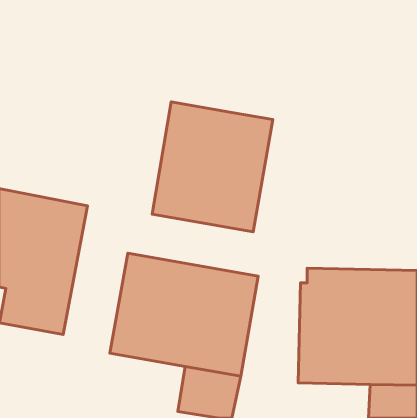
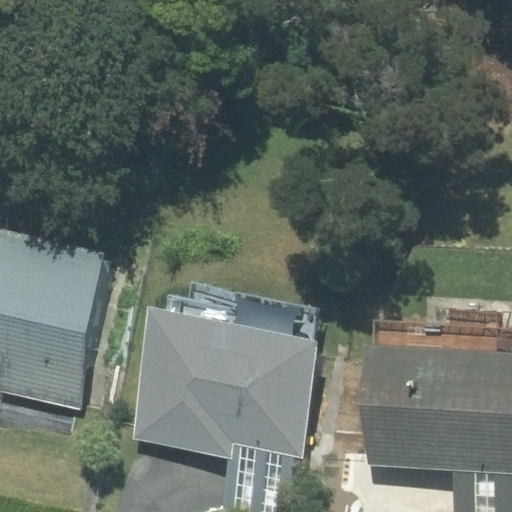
building: [152,102,273,232] -> none

